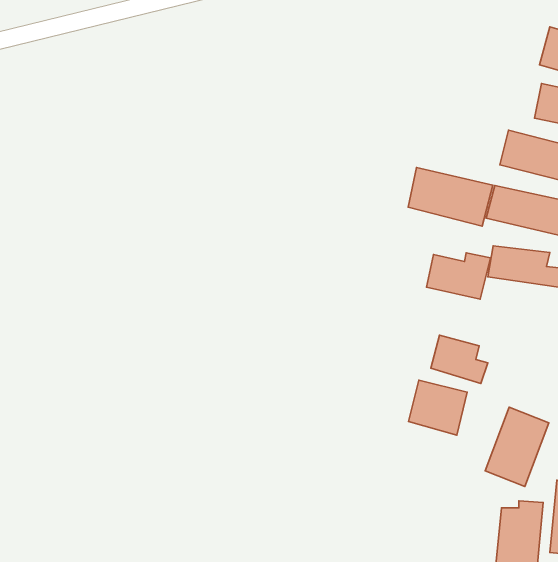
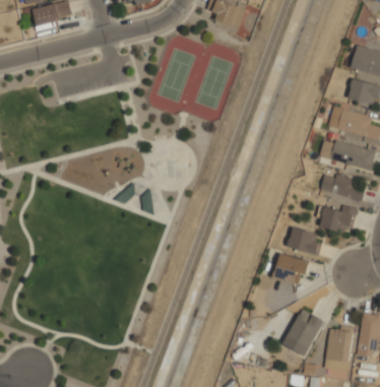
building: [408,167,493,226] -> none
building: [427,253,490,299] -> [319,205,357,233]
building: [485,407,549,486] -> [284,309,322,356]

